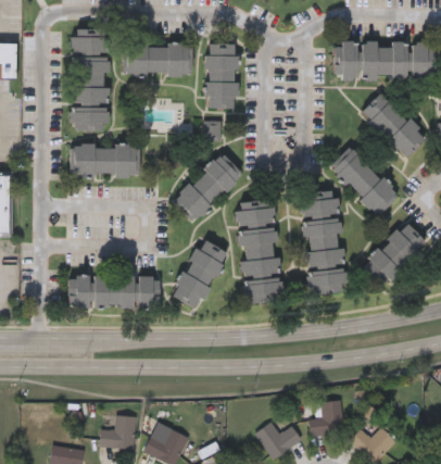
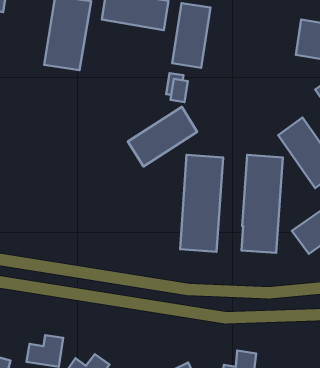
building: [70,143,140,175] -> none
building: [171,237,227,310] -> none
building: [68,274,160,308] -> none

